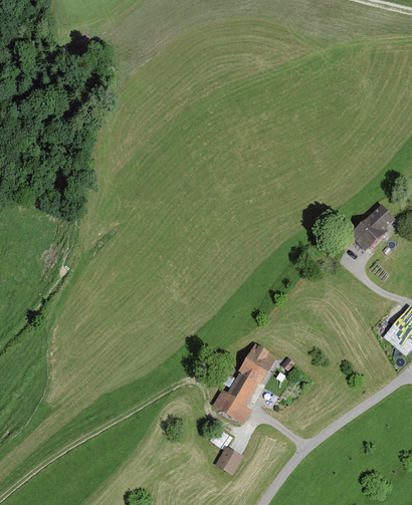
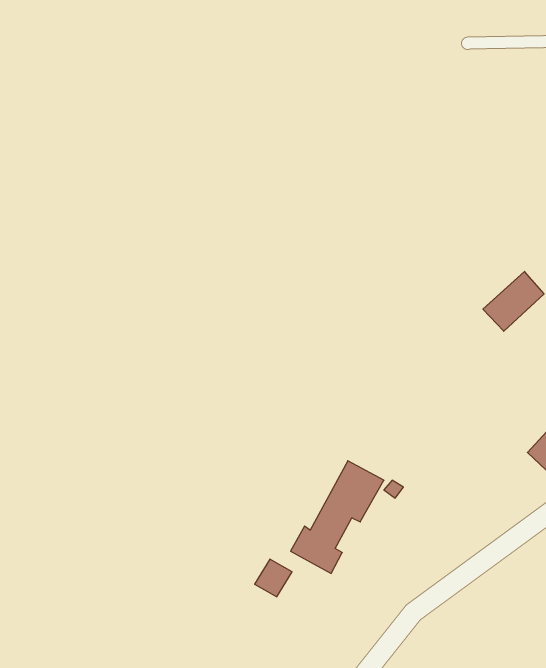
building: [214,447,241,474] -> [255,559,292,597]

